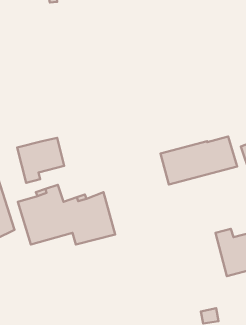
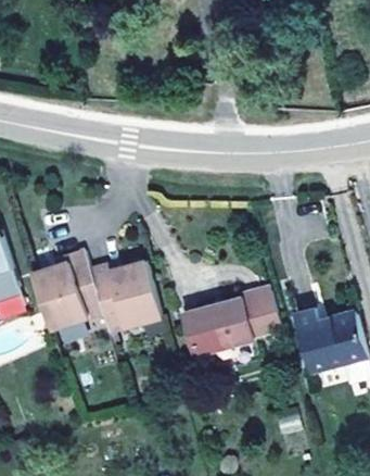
building: [161,136,237,185] -> [180,290,282,354]
building: [17,138,64,183] -> none

